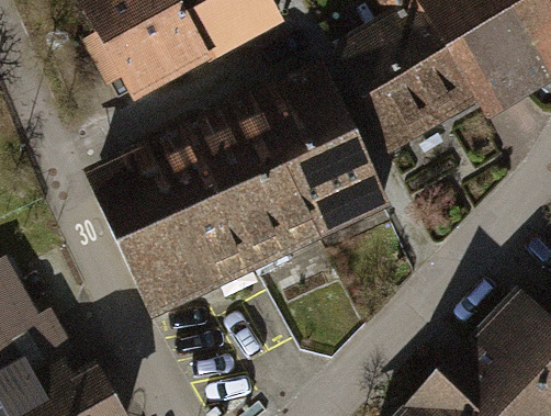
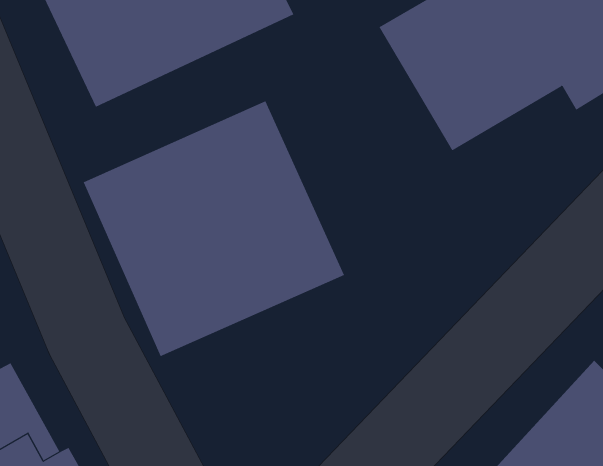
building: [252,76,390,245] -> none

